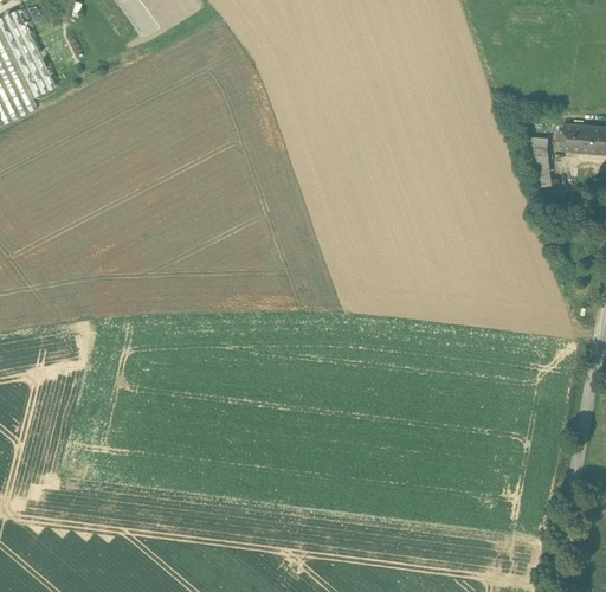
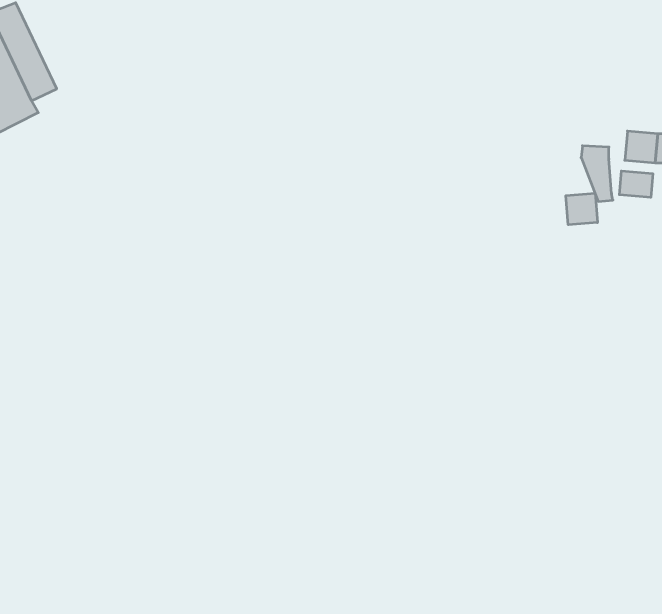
building: none -> [619,171,653,197]
building: none -> [566,193,597,225]

